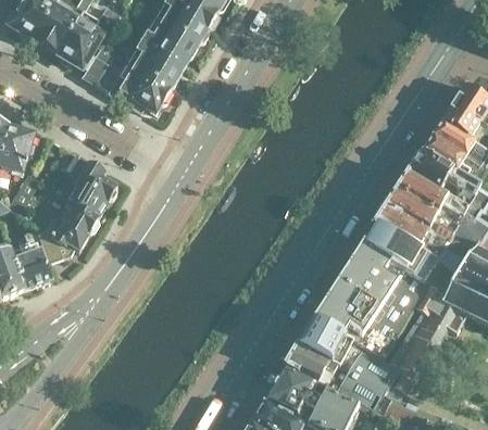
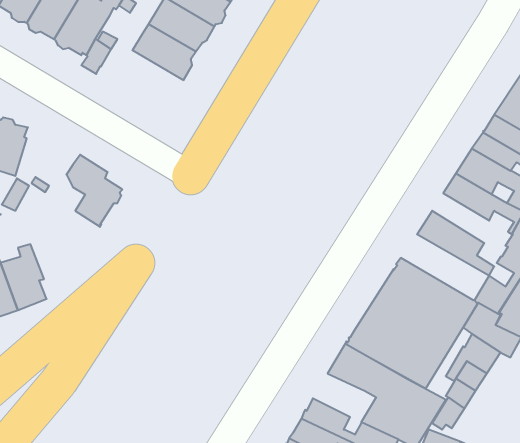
building: [110,63,171,112] -> none
building: [388,188,454,242] -> none
building: [37,199,98,263] -> none
building: [361,224,438,281] -> none
building: [284,345,339,389] -> none

